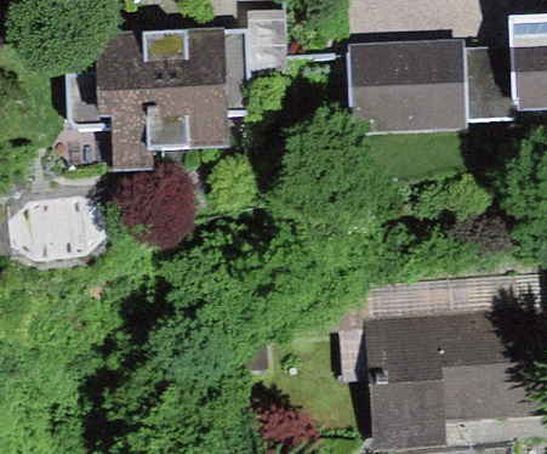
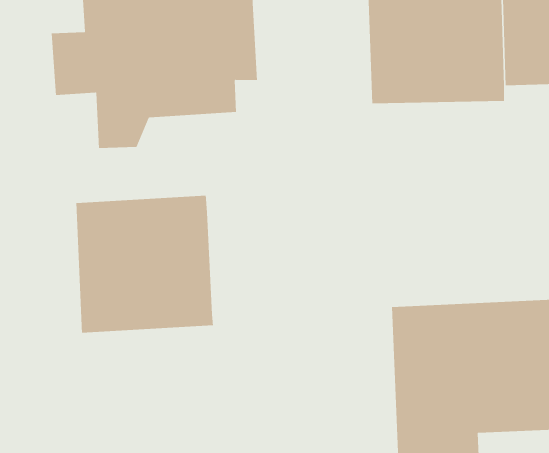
building: none -> [76,195,213,333]

